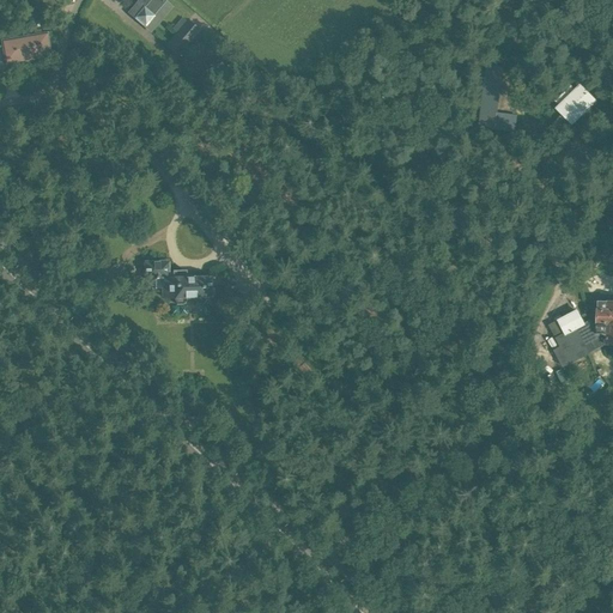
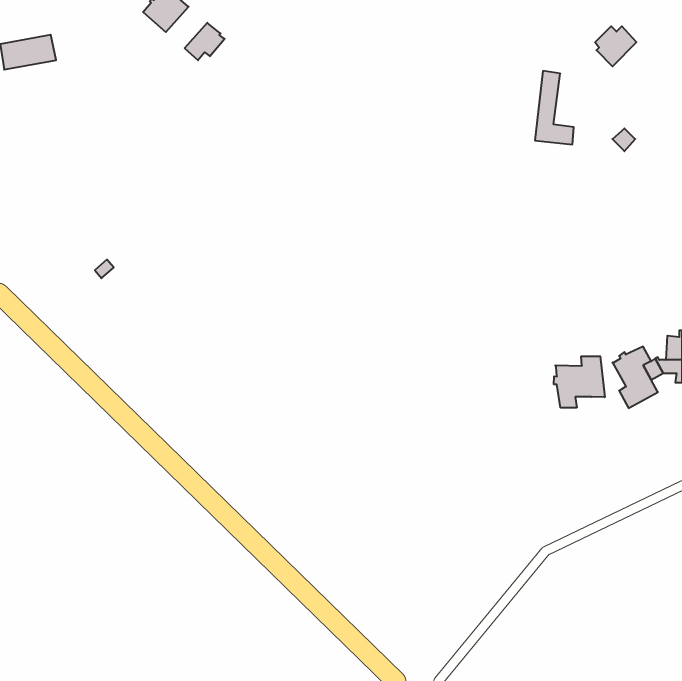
building: [556,85,593,121] -> [595,26,636,66]
building: [144,260,210,303] -> none
building: none -> [554,356,605,408]

